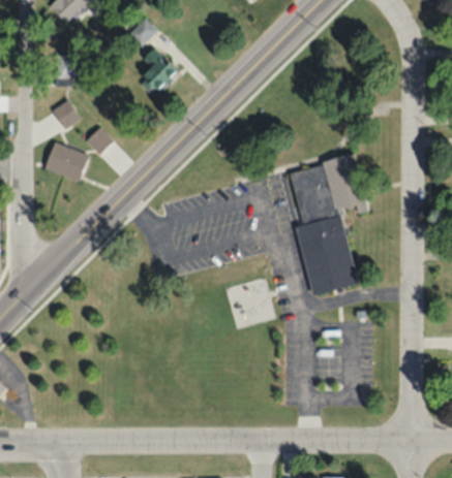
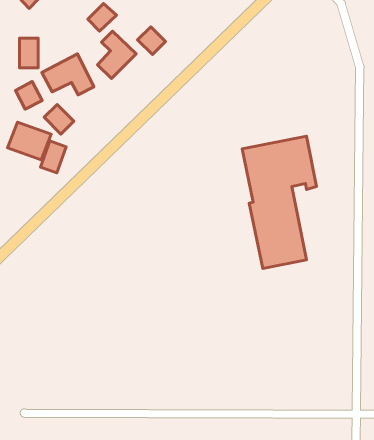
building: none -> [138,27,165,55]
building: none -> [42,54,94,95]
building: none -> [41,141,66,173]

